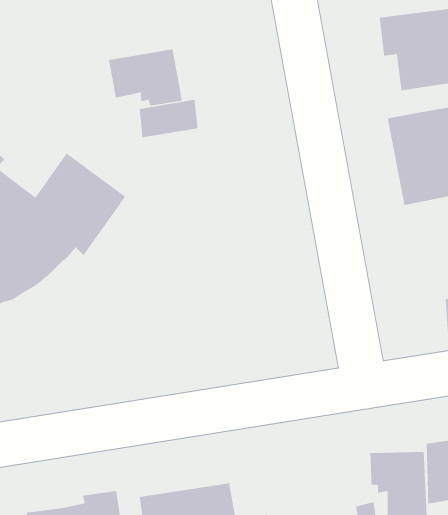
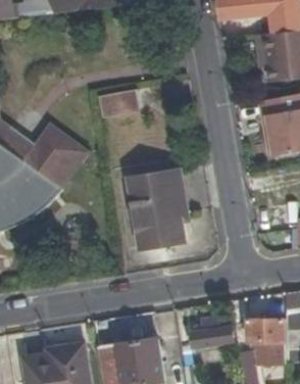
building: [108,49,183,107] -> none
building: none -> [131,179,187,248]
building: none -> [191,318,234,347]

